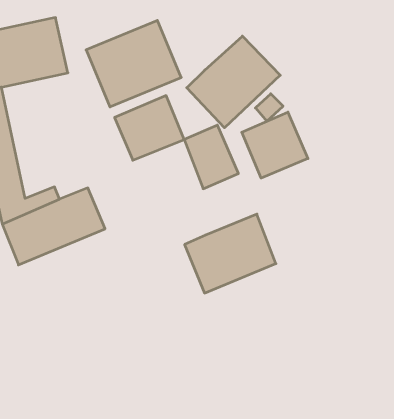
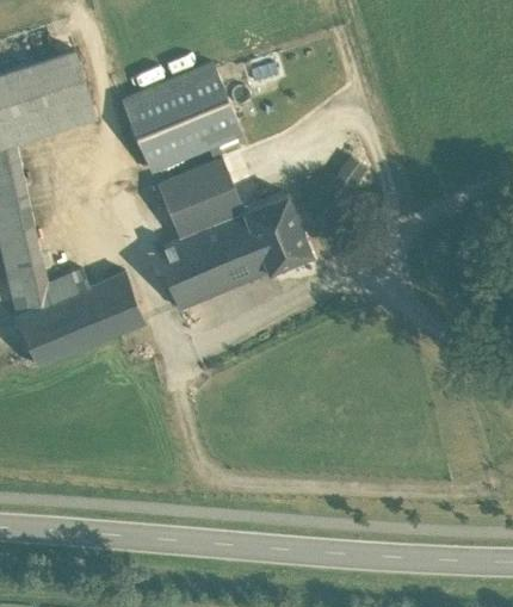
building: [187,36,280,128] -> none
building: [242,112,308,178] -> none
building: [185,214,276,293] -> [153,211,267,310]

